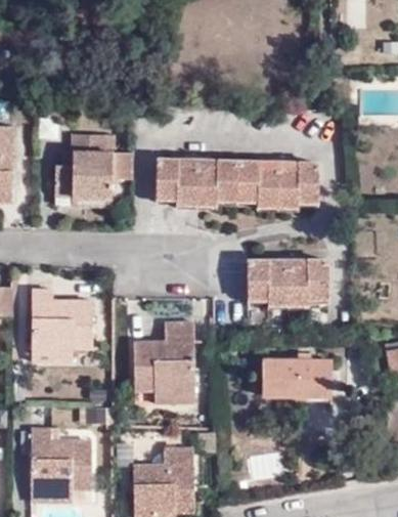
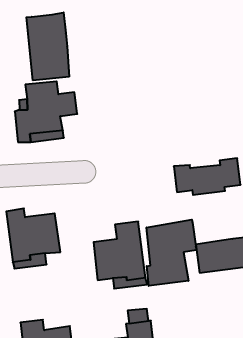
building: none -> [26,12,69,80]
building: [157,160,318,204] -> none
building: none -> [147,220,196,286]

